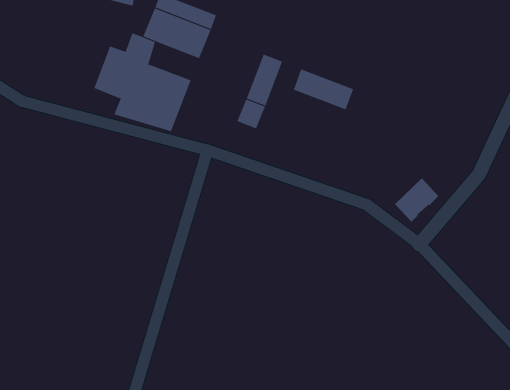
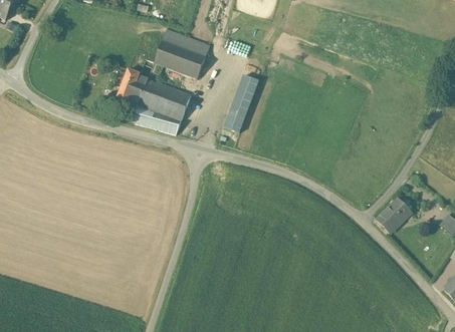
building: [293,69,354,110] -> none
building: [394,178,439,223] -> [377,198,411,232]

